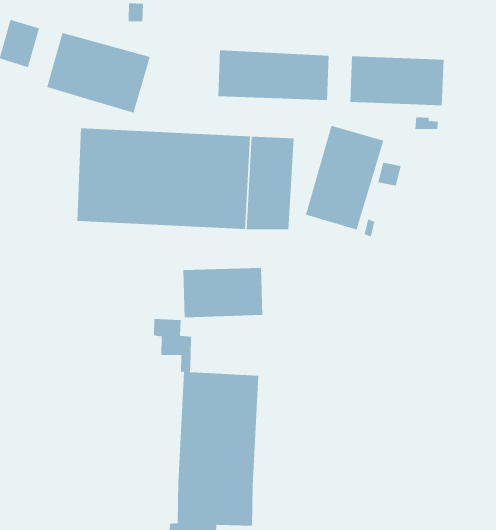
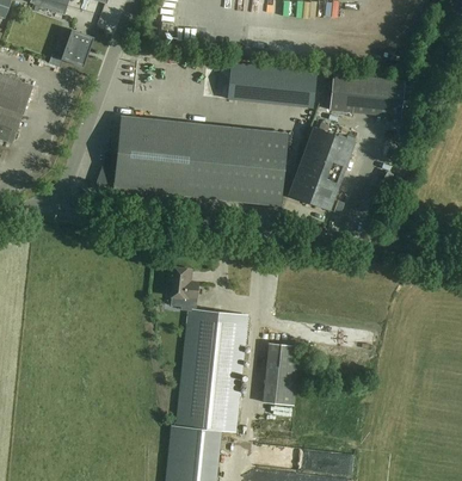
building: [47,32,151,113] -> none
building: [183,267,263,318] -> none
building: none -> [263,343,300,406]

